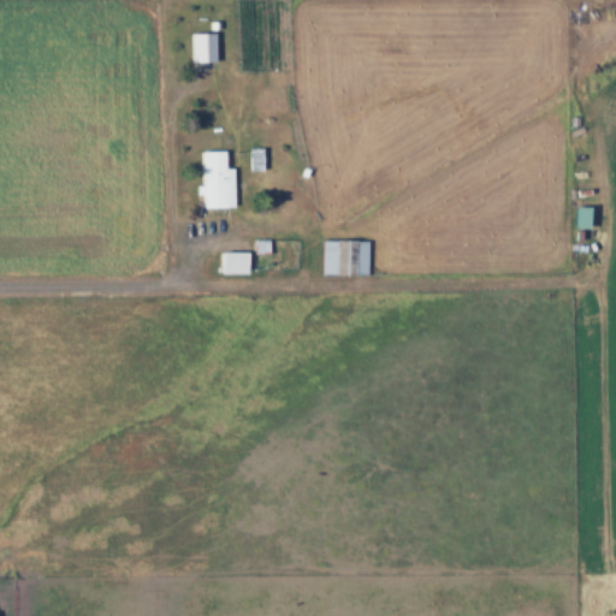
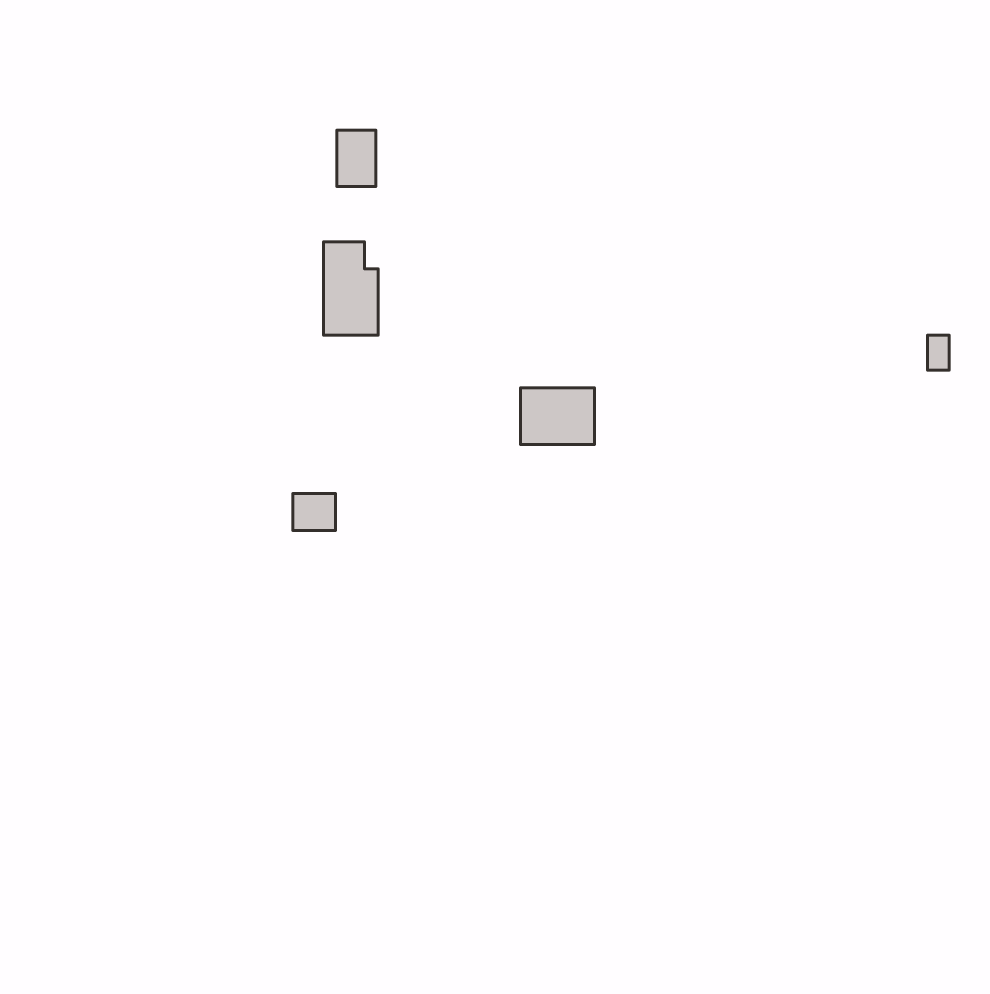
building: [194,32,218,67] -> [337,130,376,187]
building: [223,253,249,276] -> [293,494,336,531]

